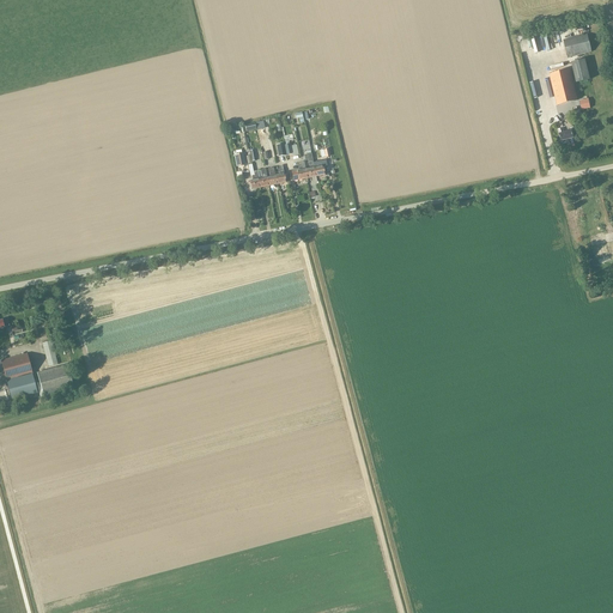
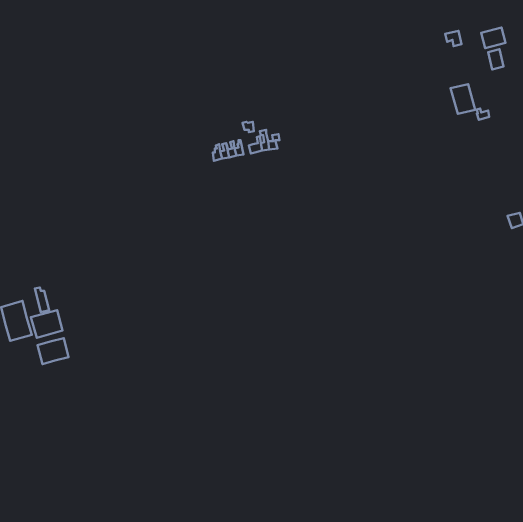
building: [548,68,577,103] -> [451,84,475,114]
building: none -> [38,338,69,364]

